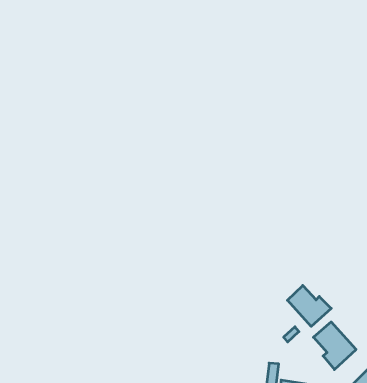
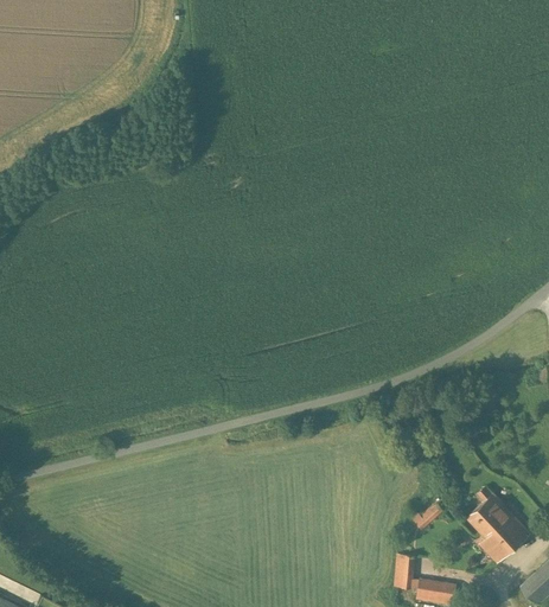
building: [287,285,331,326] -> none

